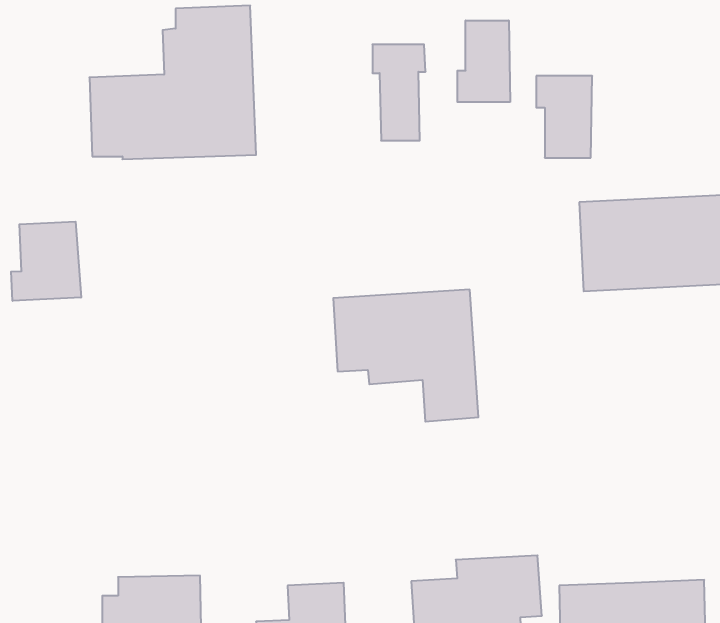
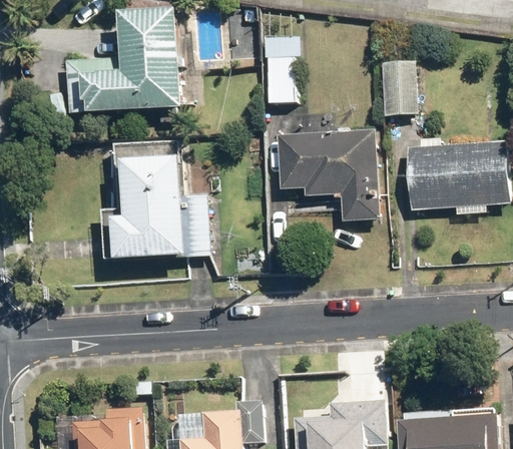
building: [457,20,510,102] -> none
building: none -> [102,143,211,263]
building: [11,222,81,301] -> none
building: [333,290,478,422] -> [280,131,381,223]

